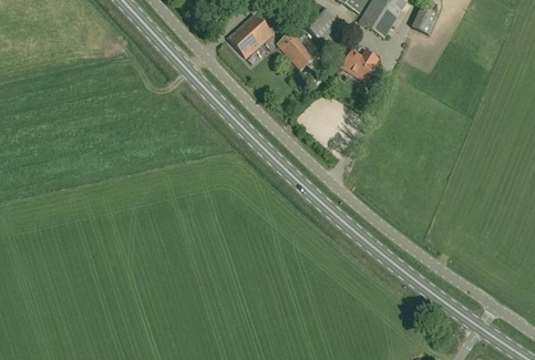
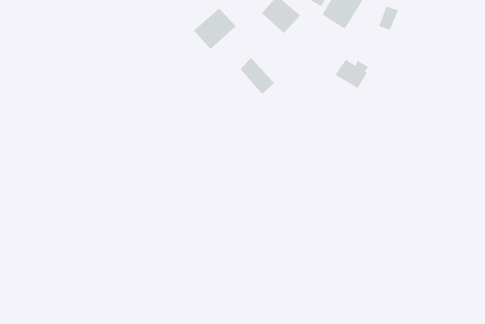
building: [278,30,315,69] -> [239,57,275,95]
building: [342,49,378,80] -> [335,59,369,89]

